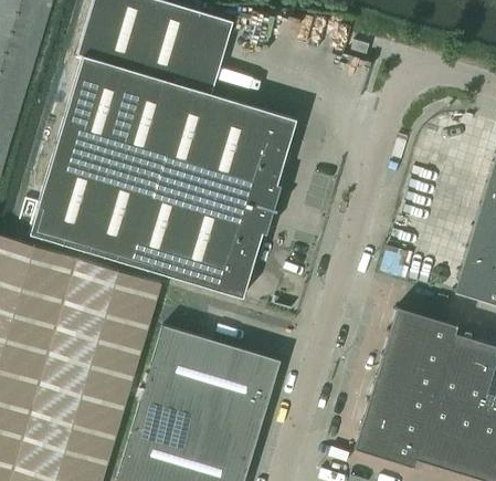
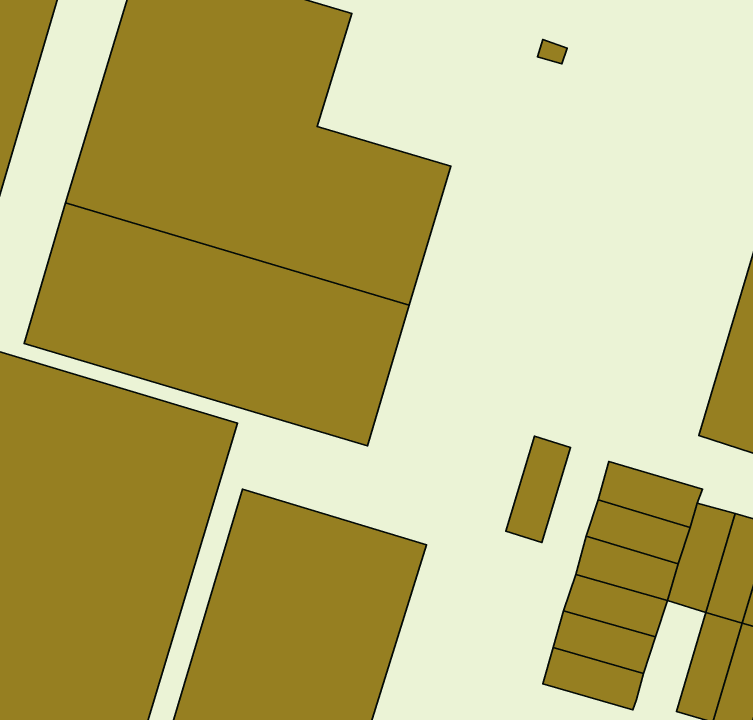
building: none -> [506,436,571,543]
building: [414,397,458,468] -> none

